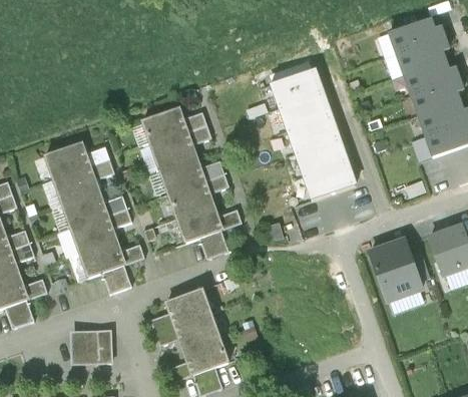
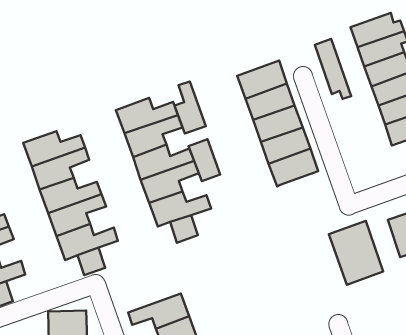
building: none -> [315,39,351,99]
building: none -> [175,81,206,133]
building: none -> [189,139,220,181]
building: [150,288,210,333] -> none

